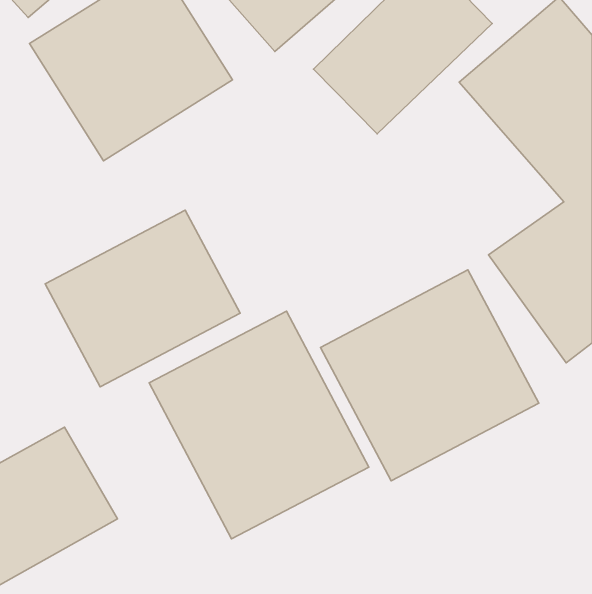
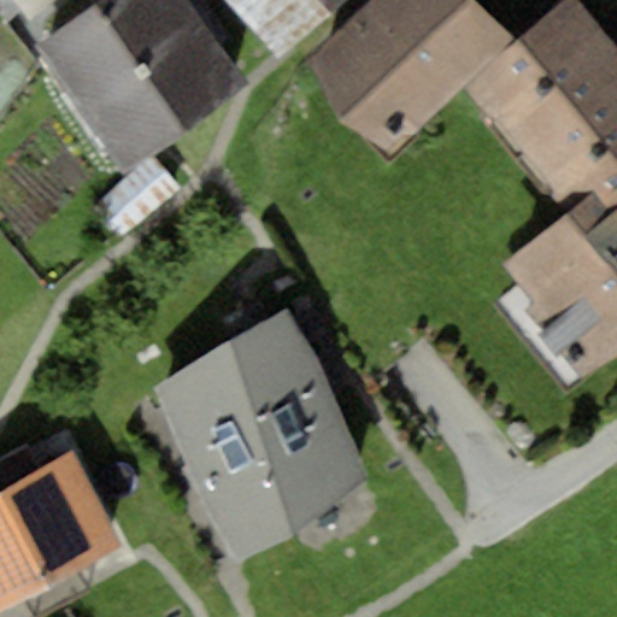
building: [45,210,240,387] -> none
building: [320,270,539,481] -> none

